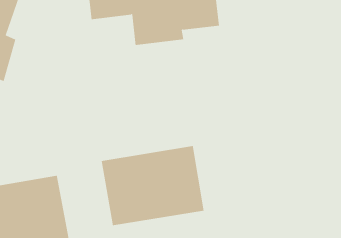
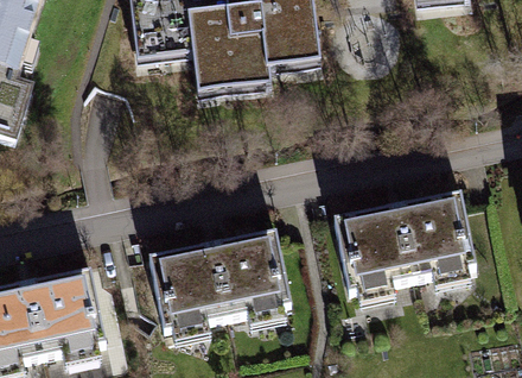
building: none -> [326,188,473,302]

